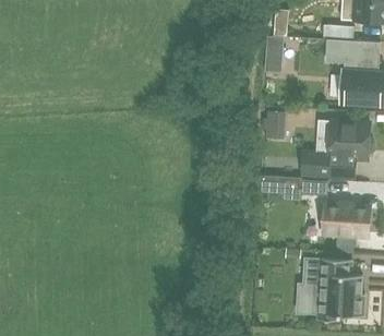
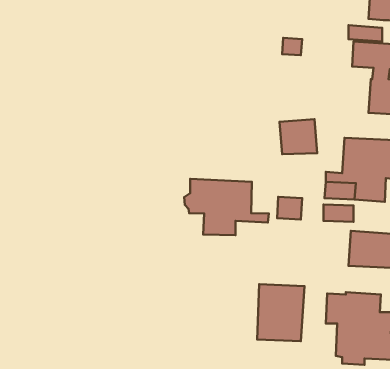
building: none -> [184,179,269,235]
building: none -> [257,284,305,341]

